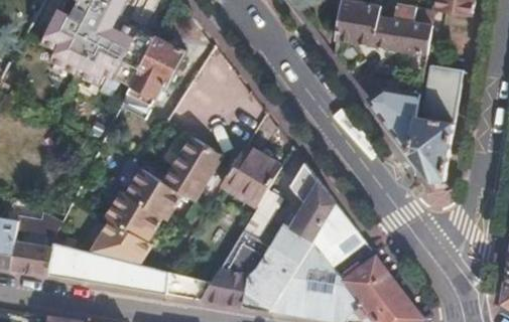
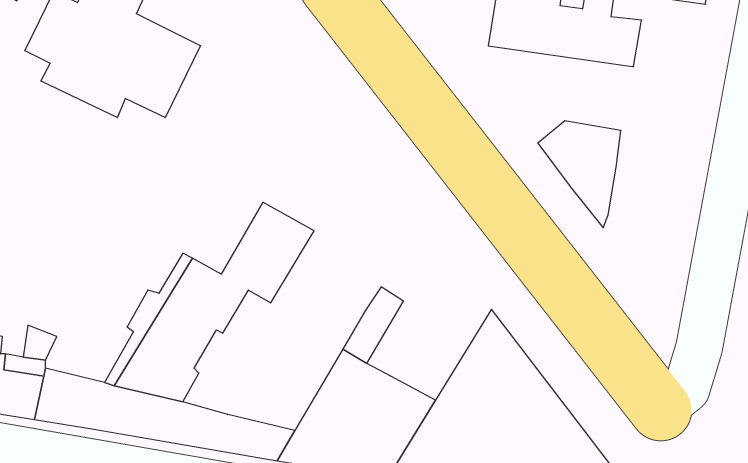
building: [122,38,183,114] -> none
building: [406,63,461,183] -> none
building: [221,144,280,205] -> none
building: [272,163,336,262] -> none

